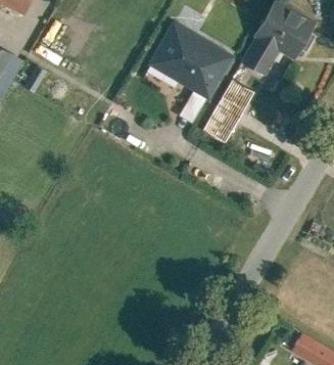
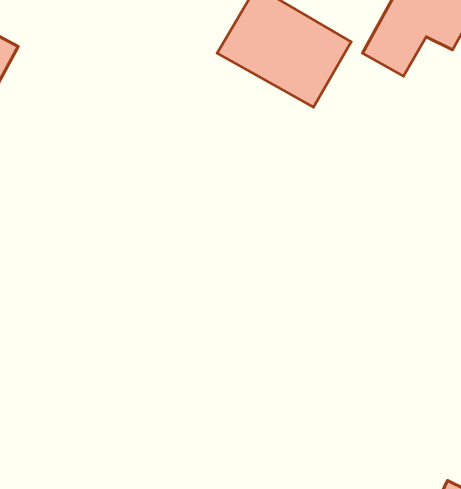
building: [205,81,257,145] -> none

